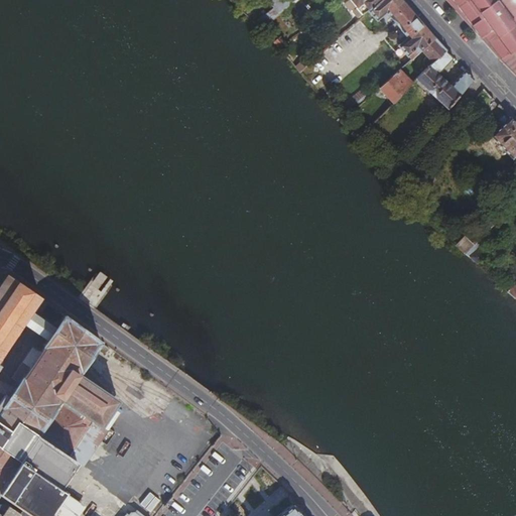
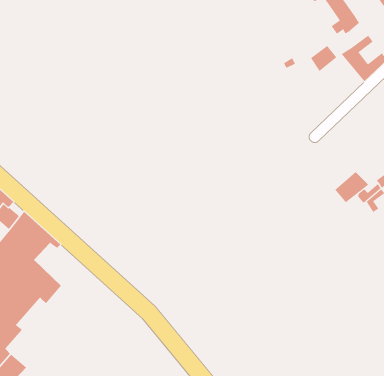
building: [422,38,446,70] -> none
building: none -> [334,171,369,203]
building: [68,415,107,461] -> none

